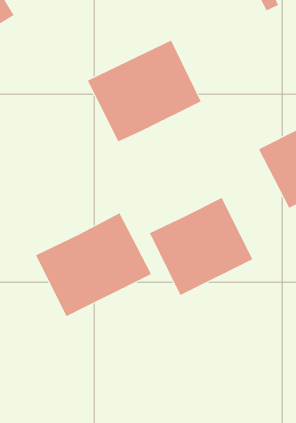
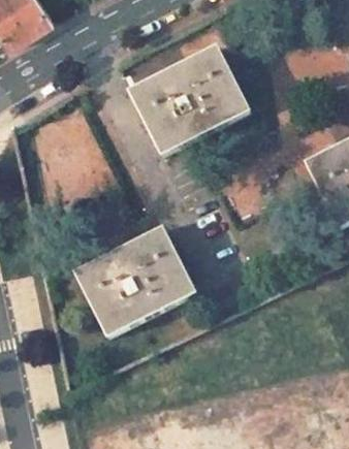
building: [149,197,253,296] -> none

